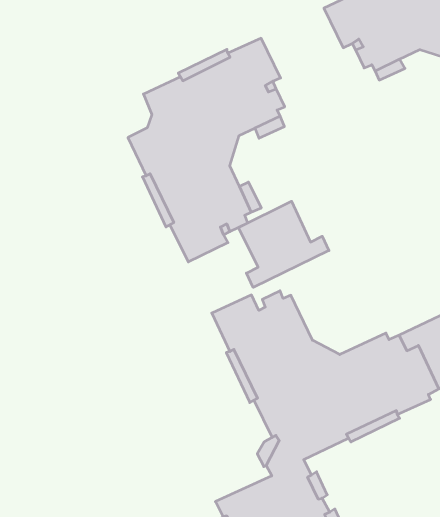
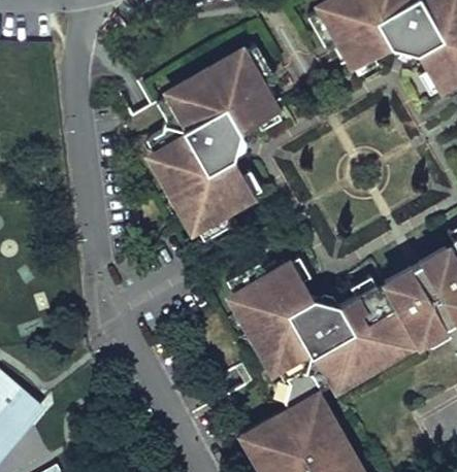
building: [238,201,329,287] -> none

